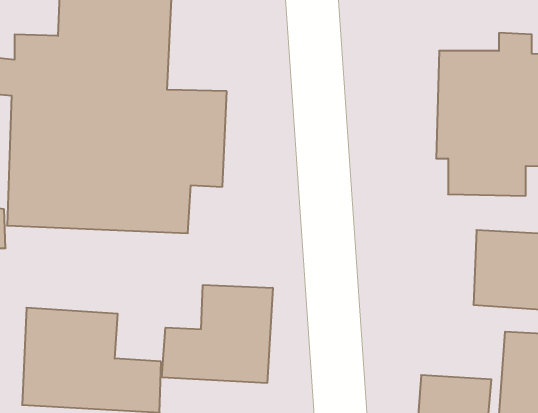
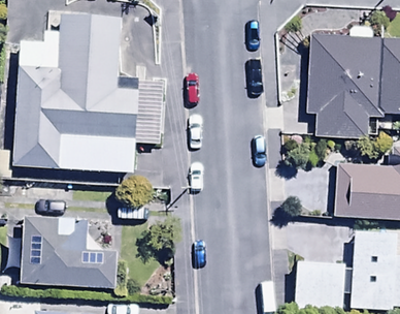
building: [162,285,273,383] -> none

